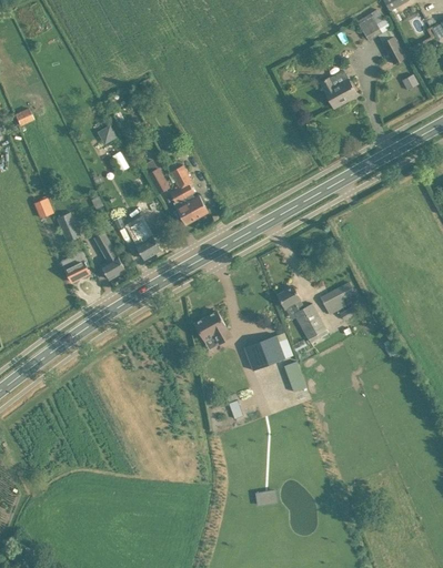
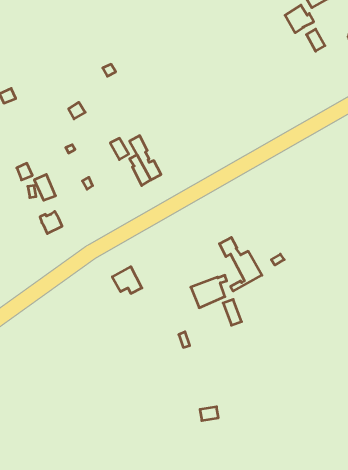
building: [320,71,356,108] -> none
building: [133,217,160,258] -> none
building: [93,232,125,280] -> none
building: [320,282,354,314] -> none
building: [194,311,230,343] -> [112,267,142,293]

